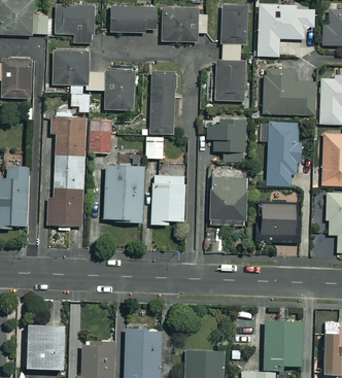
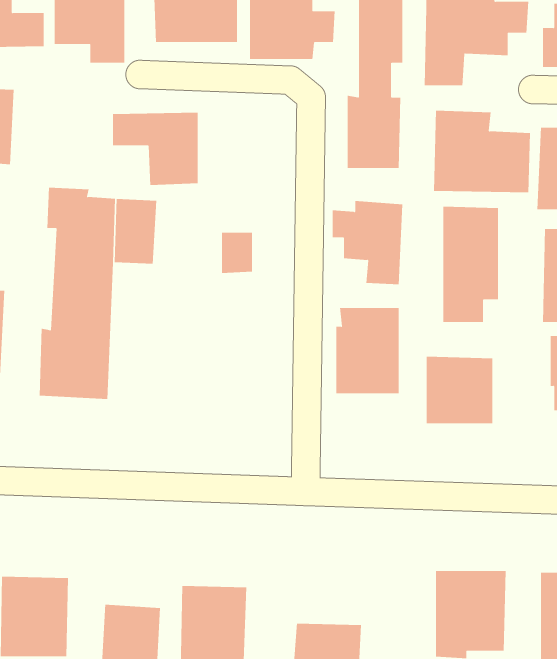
building: [53,51,90,111] -> none
building: [150,73,174,134] -> none
building: [103,165,143,221] -> none
building: [150,175,185,225] -> none

